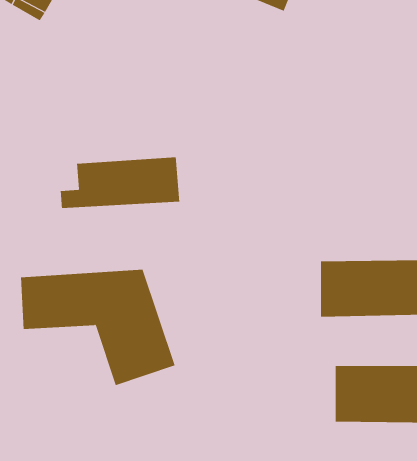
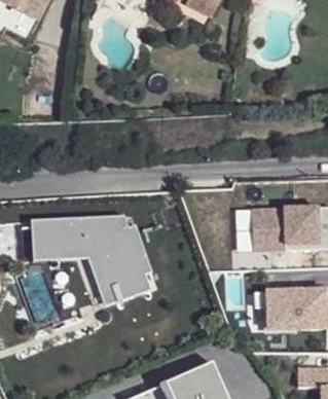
building: [60,156,180,209] -> none

